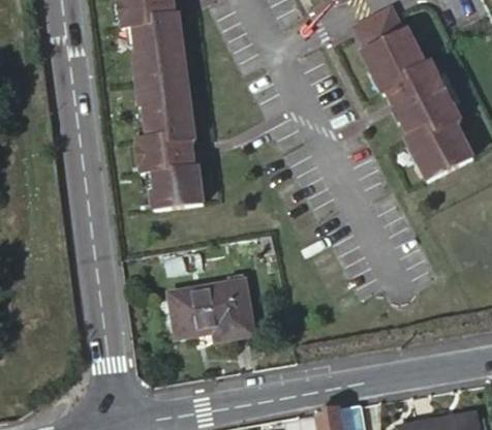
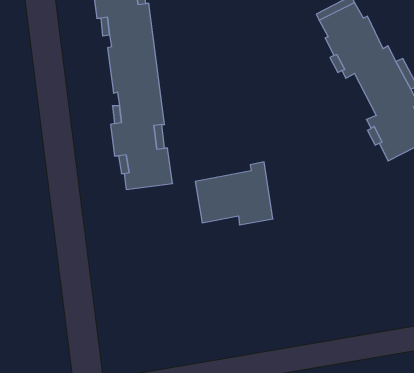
building: [168,273,250,339] -> [195,162,273,225]

